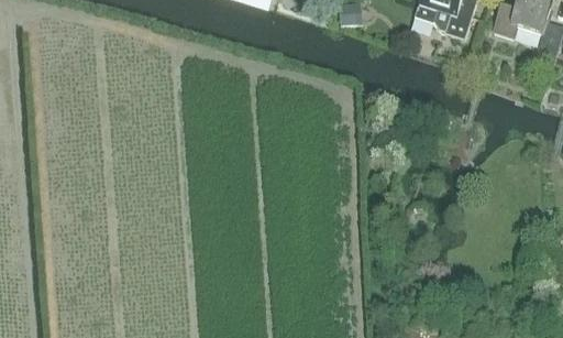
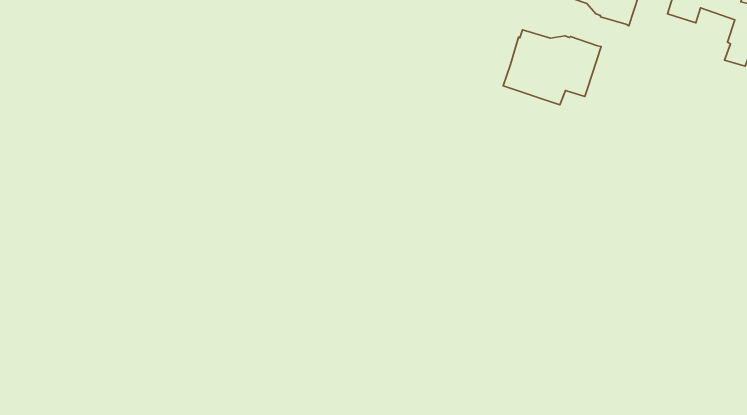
building: none -> [503,30,601,105]

